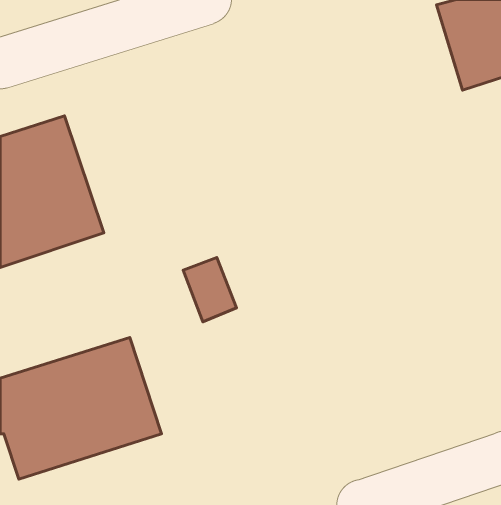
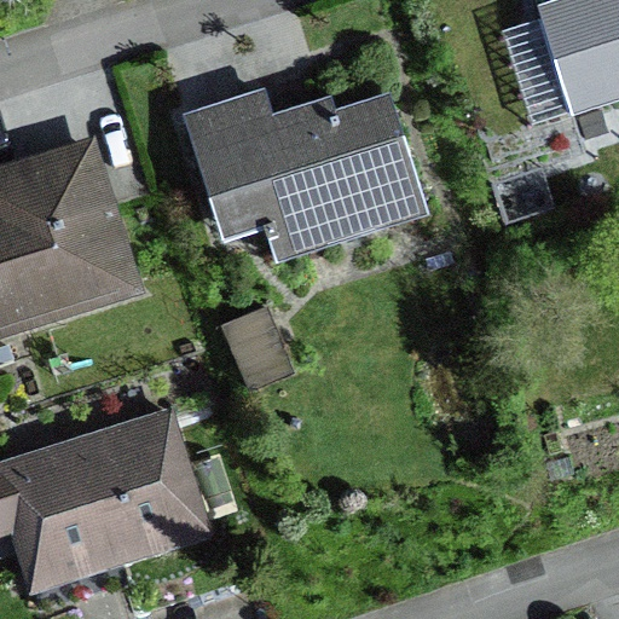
building: none -> [180,93,424,262]

